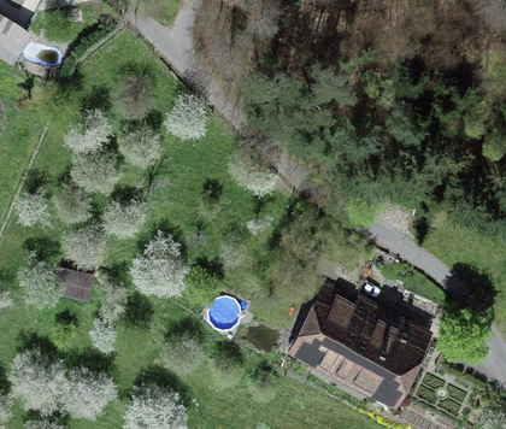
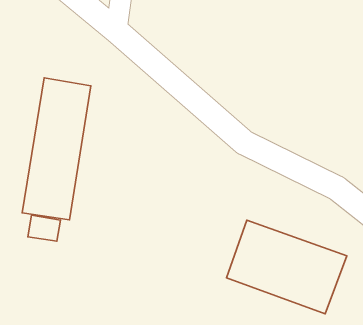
building: none -> [22,78,91,220]

